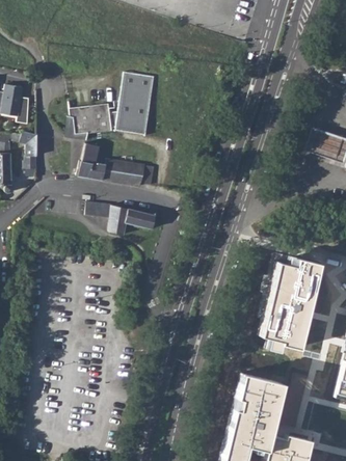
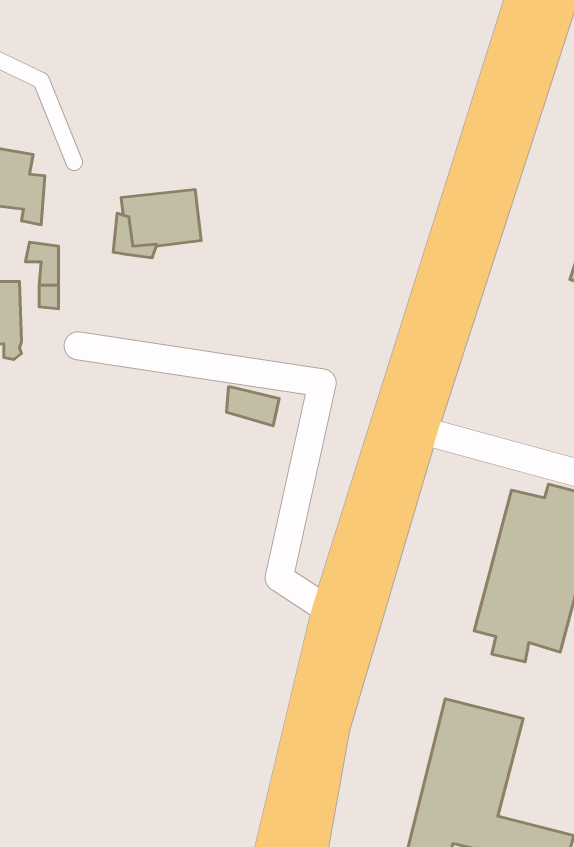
building: [116,73,155,135] -> none
building: [76,142,154,185] -> none
building: [84,201,127,234] -> none

